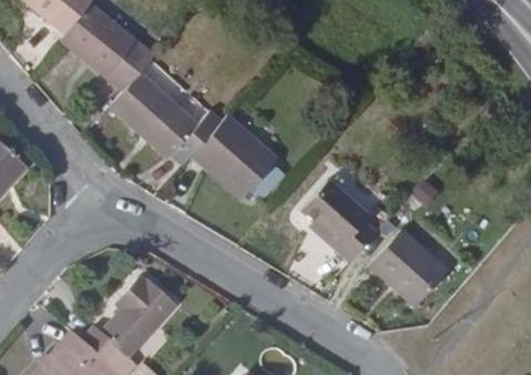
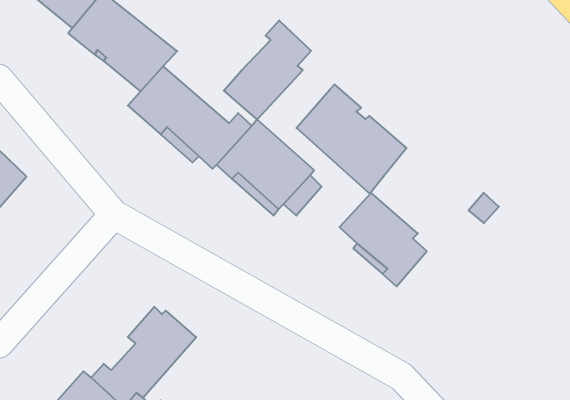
building: none -> [224,20,311,119]
building: none -> [296,84,406,194]
building: [369,232,445,306] -> none

